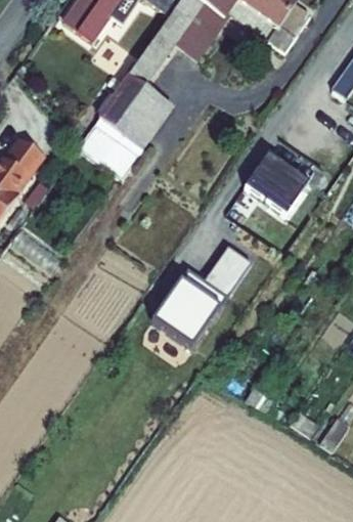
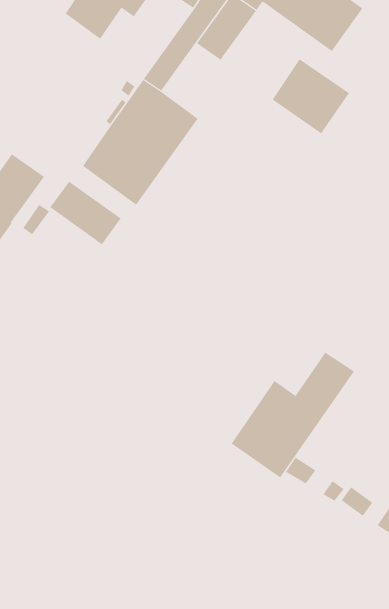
building: [245,153,309,215] -> [272,59,350,134]
building: none -> [49,181,122,245]
building: [151,244,254,348] -> [231,352,355,478]

